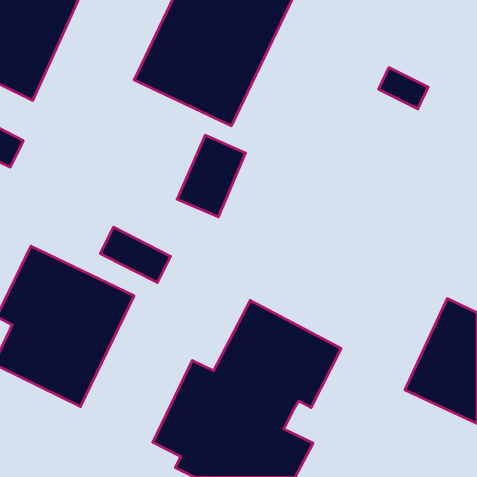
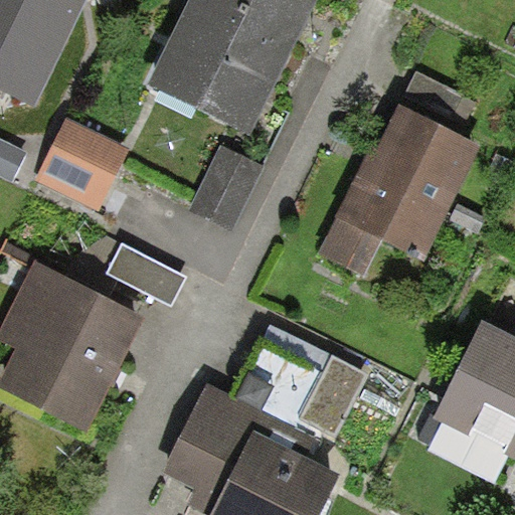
building: none -> [322,107,480,275]
building: none -> [34,117,128,206]

